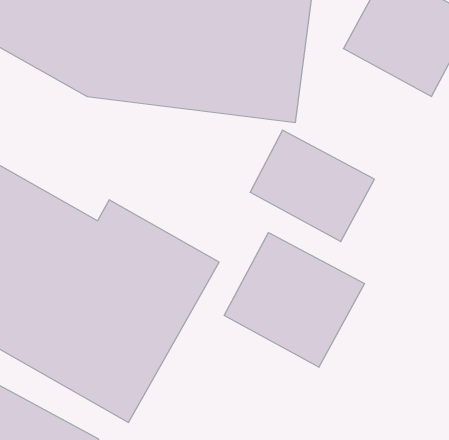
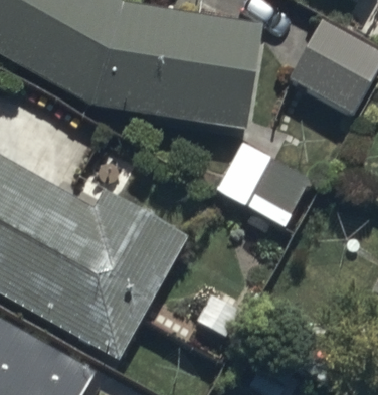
building: [224,233,364,367] -> none

